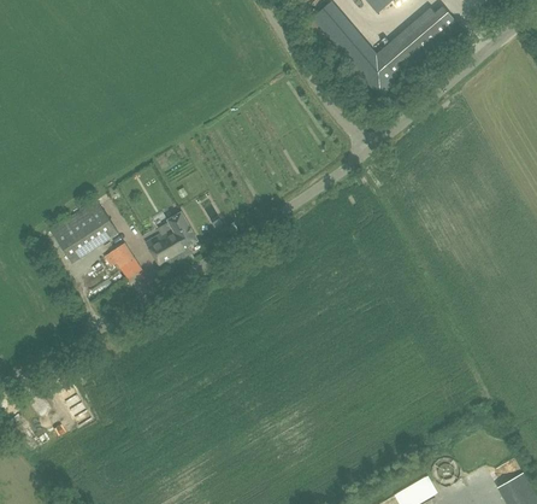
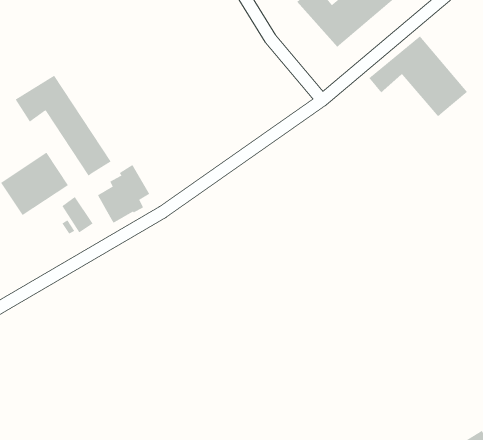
building: none -> [369,36,468,117]
building: none -> [15,75,111,177]

